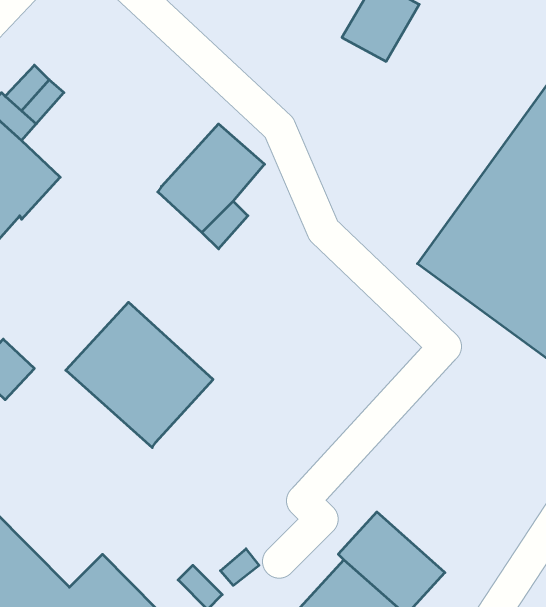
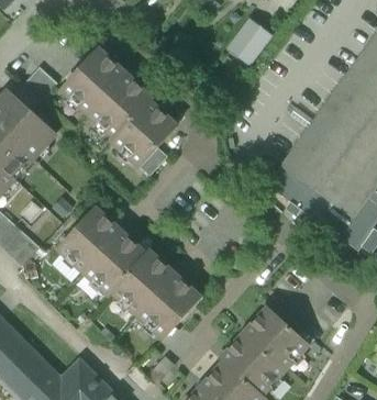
building: none -> [62,47,153,137]
building: none -> [112,249,201,336]
building: none -> [244,305,309,368]

